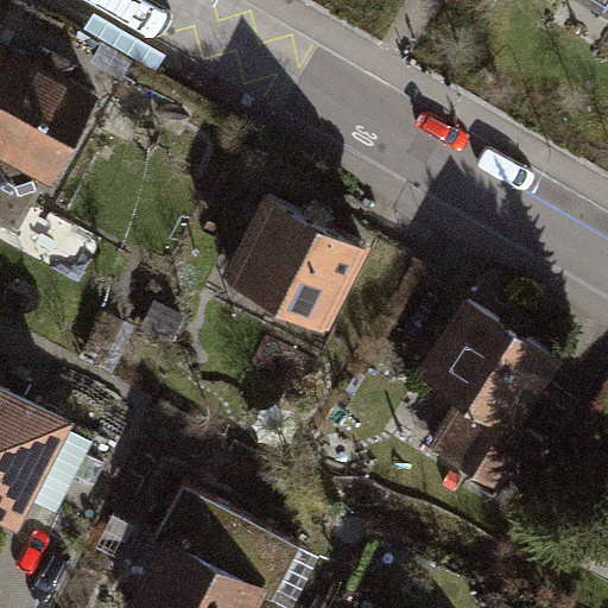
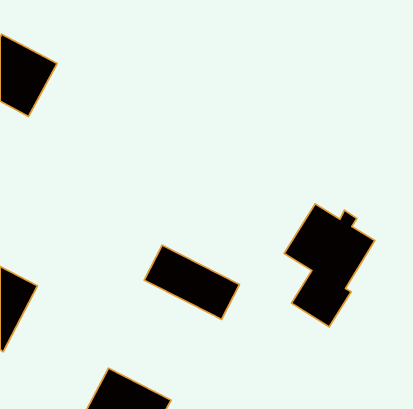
building: [227,203,357,327] -> none
building: [153,492,292,600] -> [144,245,240,319]

